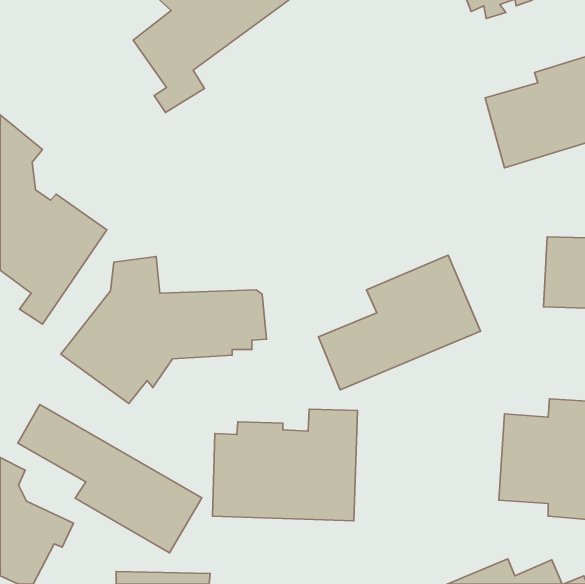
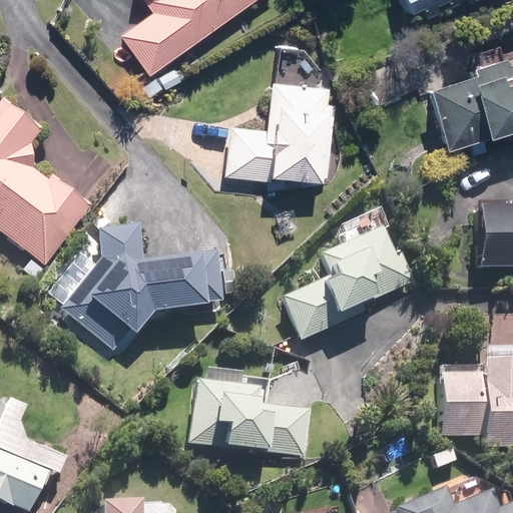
building: none -> [224,80,337,182]
building: [18,405,202,553] -> none

